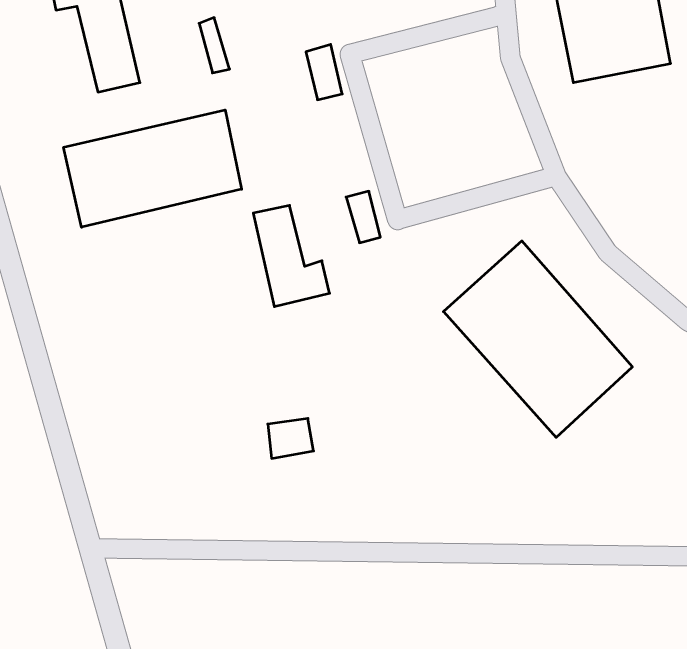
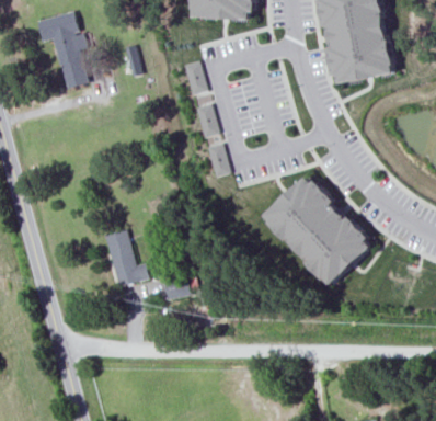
building: [64,110,242,227] -> none
building: none -> [195,102,218,136]
building: [253,205,330,307] -> [103,229,147,287]

